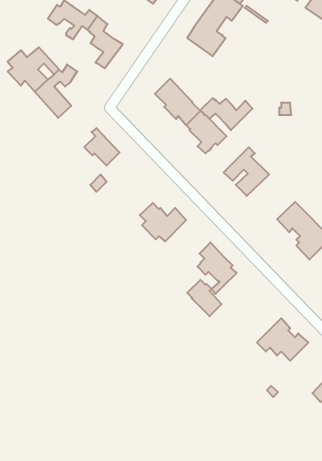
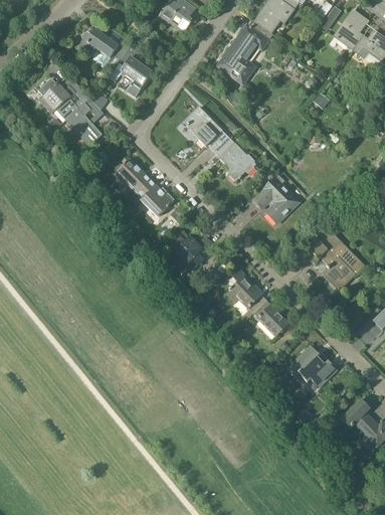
building: [200,98,253,130] -> none
building: none -> [137,179,174,214]
building: [187,280,222,316] -> [253,299,287,335]

